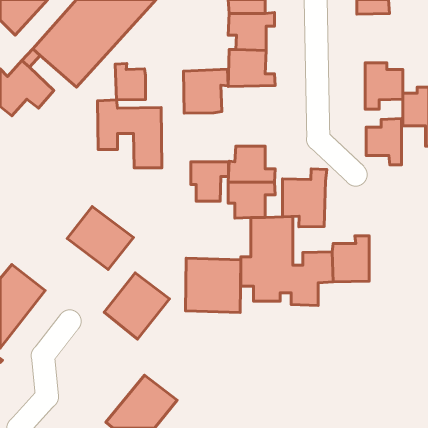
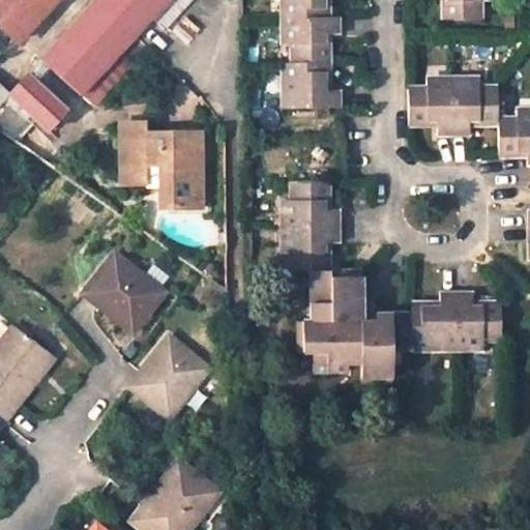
building: [115,64,146,100] -> none
building: [183,69,228,113] -> none
building: [366,119,401,165] -> [408,78,451,135]
building: [191,162,228,201] -> none
building: [283,169,327,227] -> none
building: none -> [457,290,501,347]
building: [185,258,241,313] -> none

